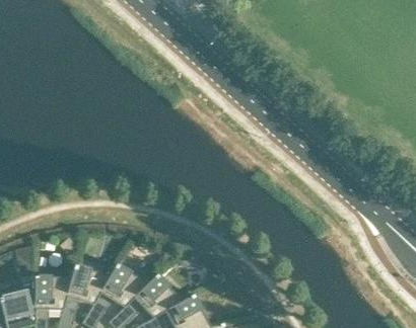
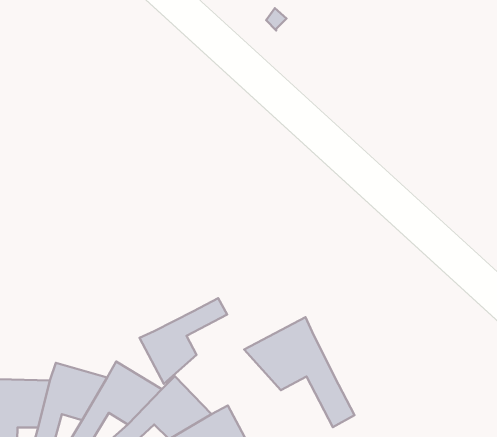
building: none -> [139,298,227,384]
building: none -> [244,317,355,427]

